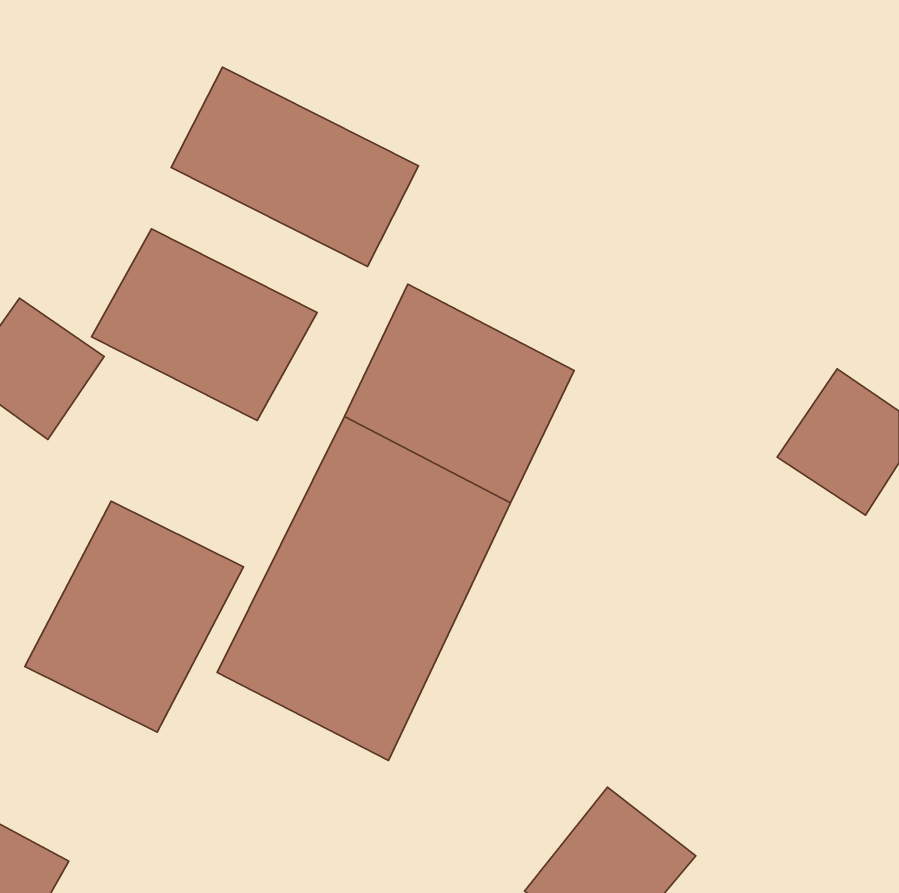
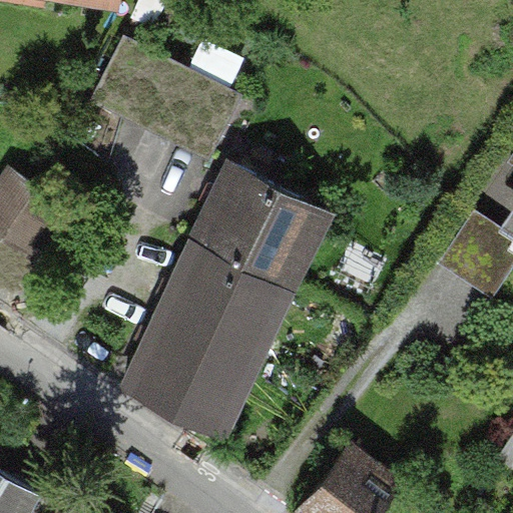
building: [91,229,317,421] -> none
building: [25,501,244,732] -> none

